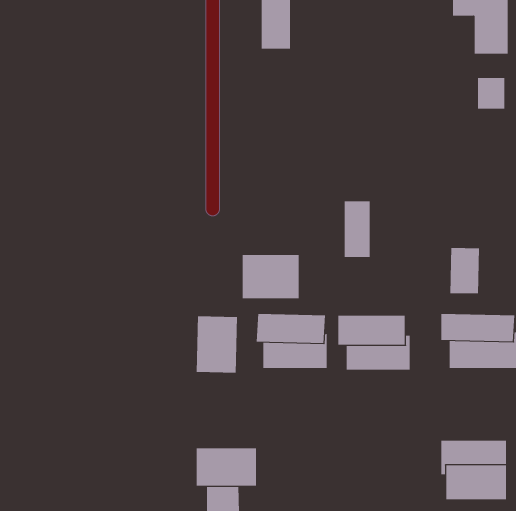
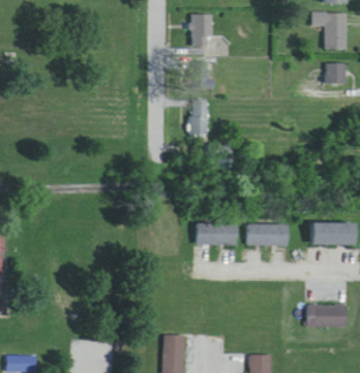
building: [344,201,371,257] -> [192,101,209,136]
building: [450,247,480,294] -> none
building: [242,254,299,299] -> none
building: [196,315,237,373] -> none
building: [196,447,257,487] -> none

